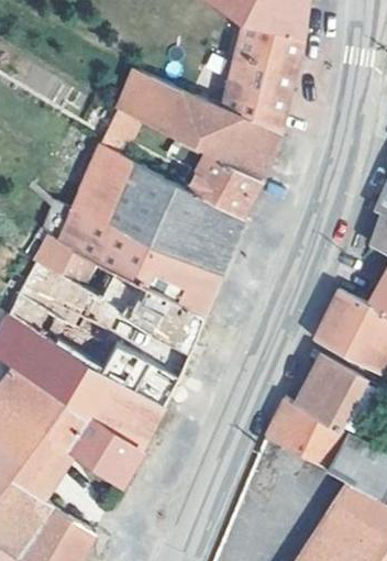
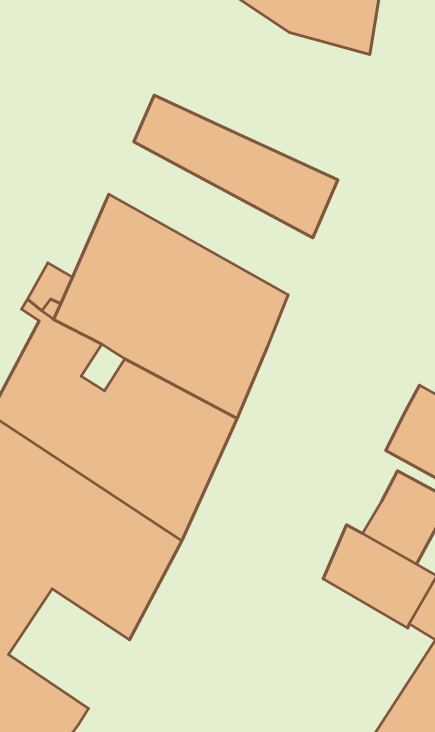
building: [188,28,300,139] -> none
building: [103,110,257,226] -> none

